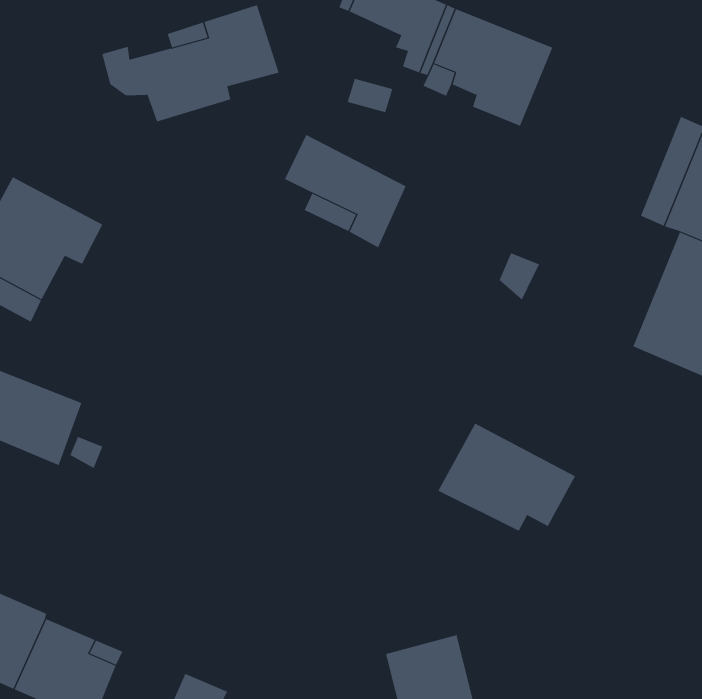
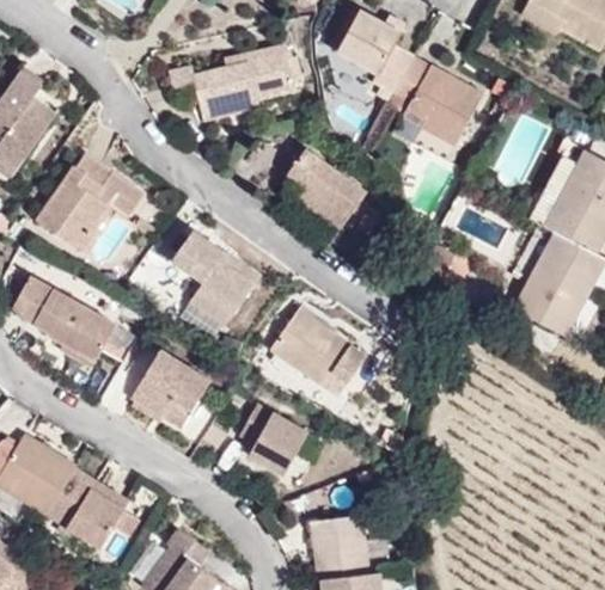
building: none -> [165,228,256,328]
building: [438,423,576,531] -> [264,303,366,386]
building: none -> [129,349,206,425]
building: none -> [238,402,307,473]

